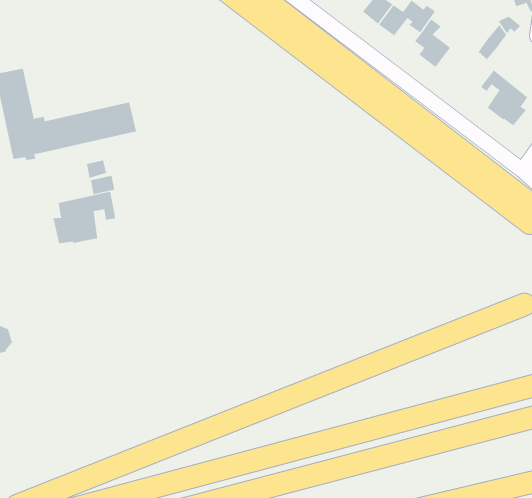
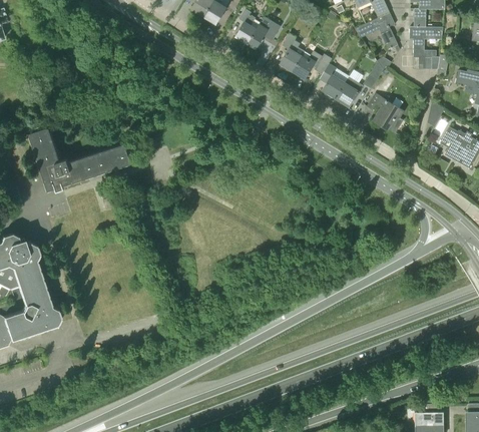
building: none -> [336,76,363,106]
building: [53,191,116,244] -> none

